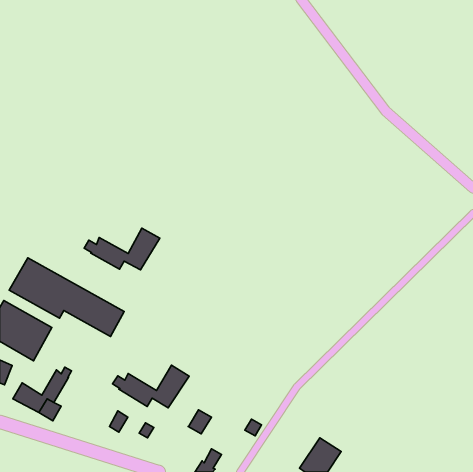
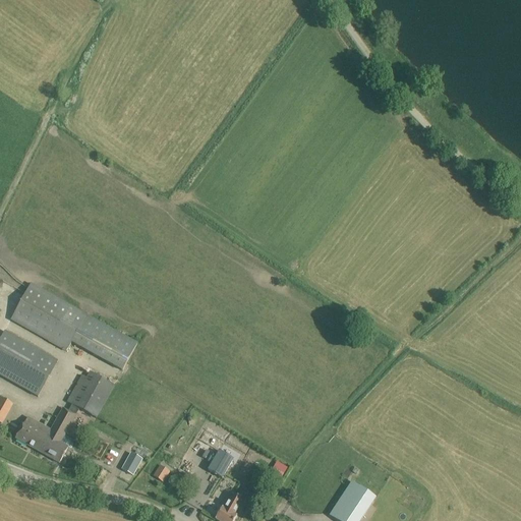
building: [84,228,160,270] -> none
building: none -> [68,365,115,415]
building: [113,365,189,408] -> none

